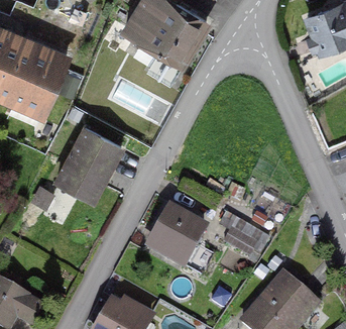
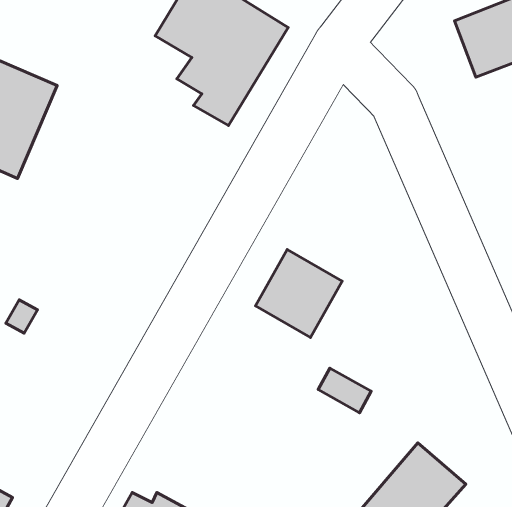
building: [56,127,121,200] -> none
building: [150,210,203,263] -> [256,249,342,337]

